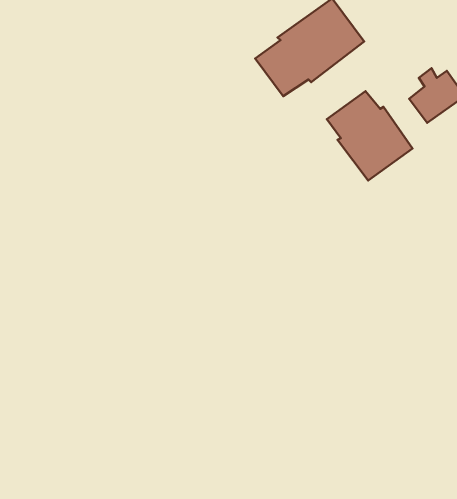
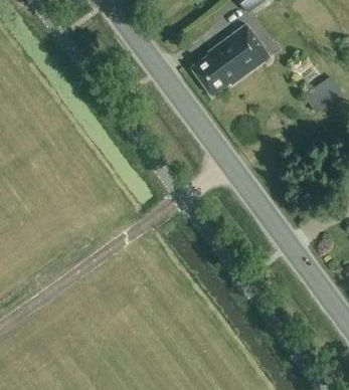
building: [327,91,412,181] -> none

